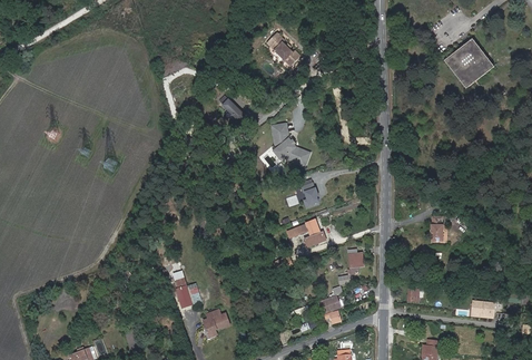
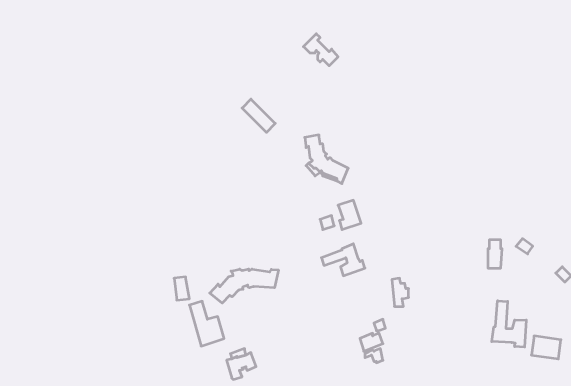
building: [443,37,494,87] -> none
building: none -> [210,269,278,303]
building: none -> [492,301,526,347]

